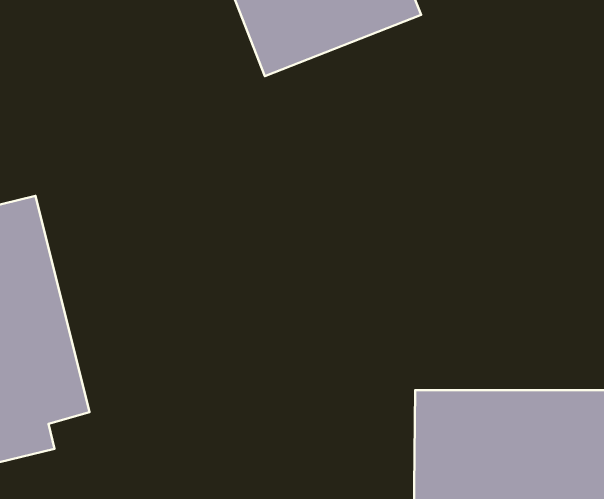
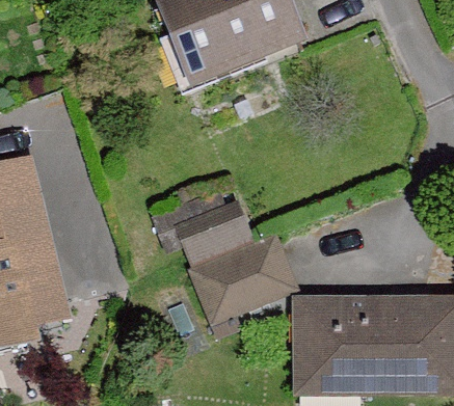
building: none -> [162,180,290,309]

